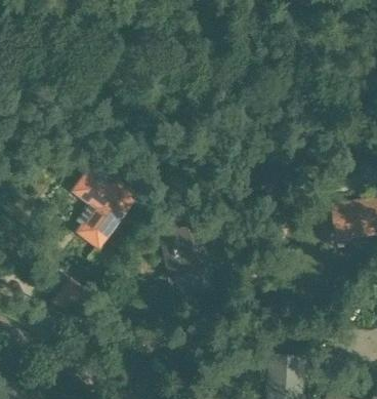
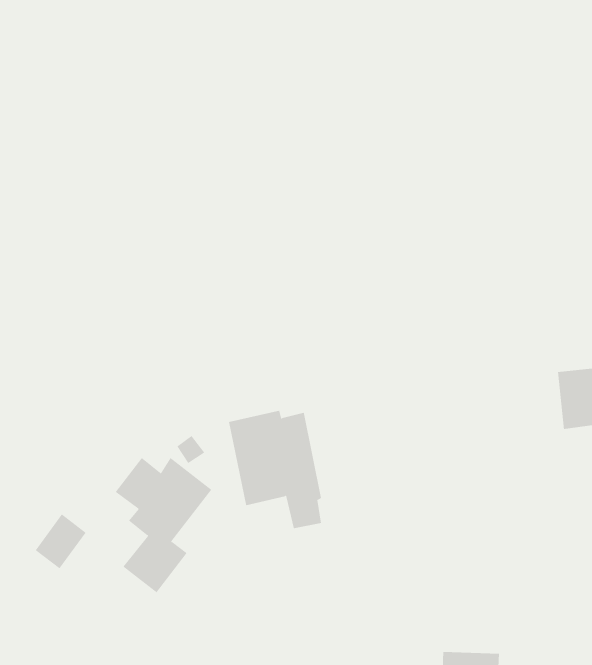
building: [75,173,127,246] -> [115,457,212,593]

